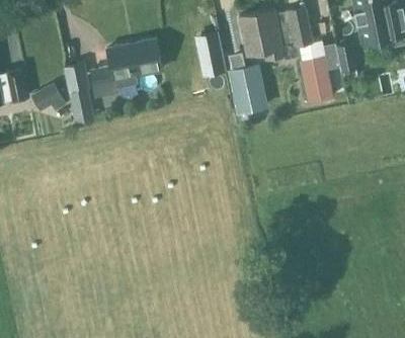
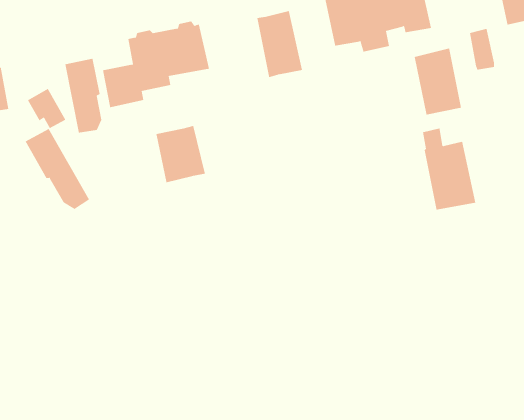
building: [230,58,266,113] -> [422,128,476,210]
building: none -> [156,125,206,183]
building: none -> [25,128,90,210]

